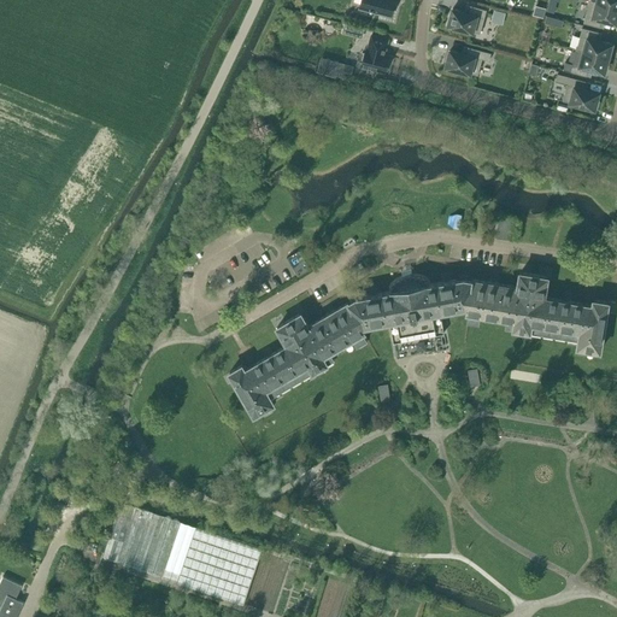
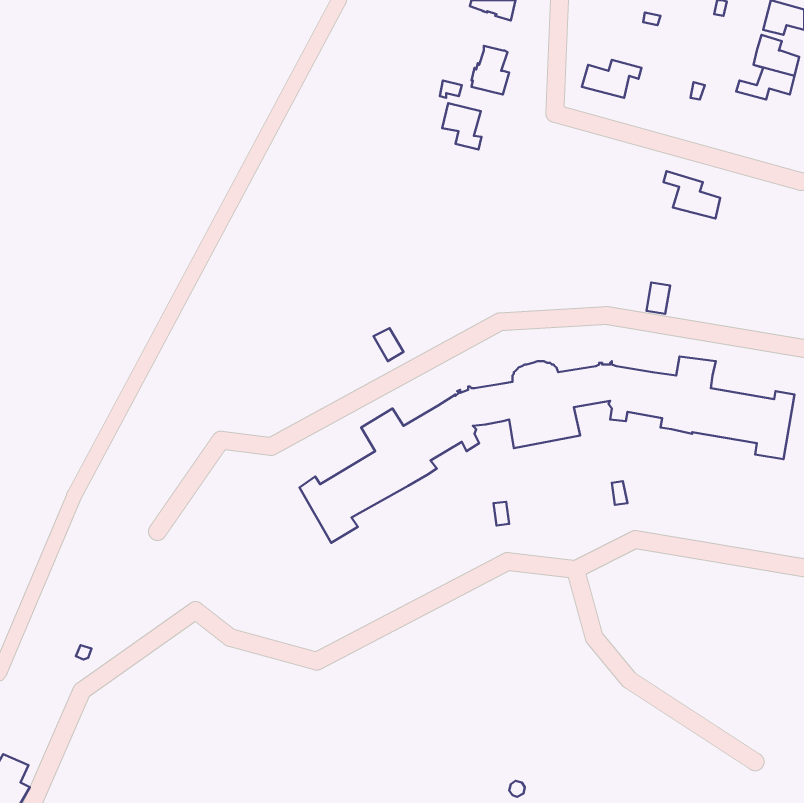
building: [447,7,486,36] -> none
building: [554,75,598,111] -> [663,171,720,218]
building: none -> [442,103,482,149]
building: [101,504,260,605] -> none

